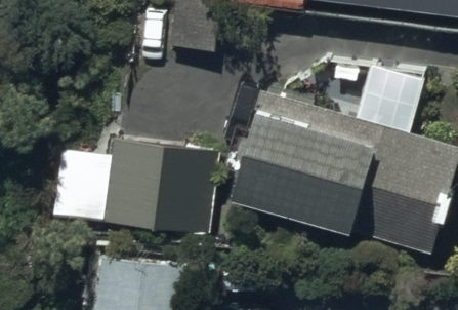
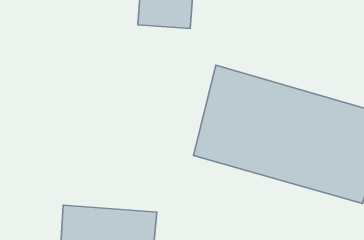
building: [96,145,214,237] -> none

